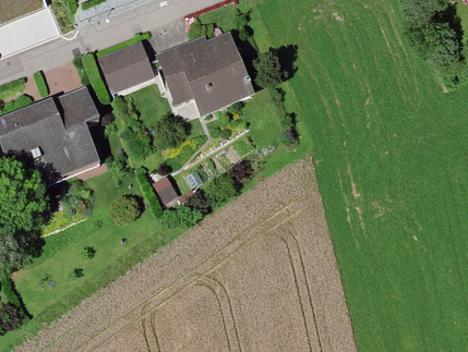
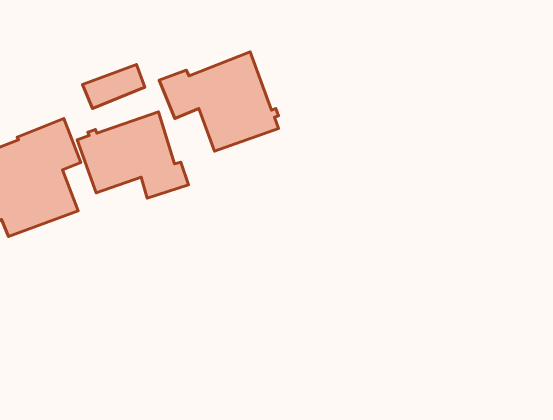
building: none -> [77,112,189,198]

